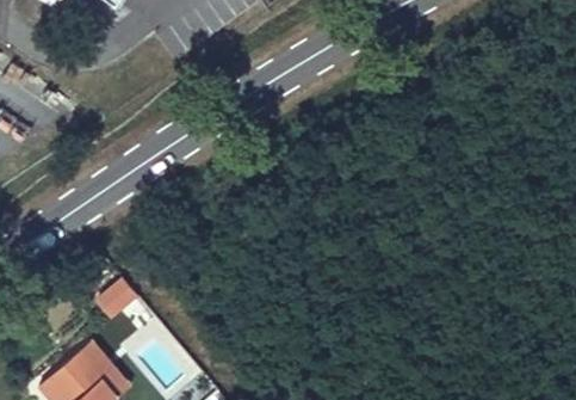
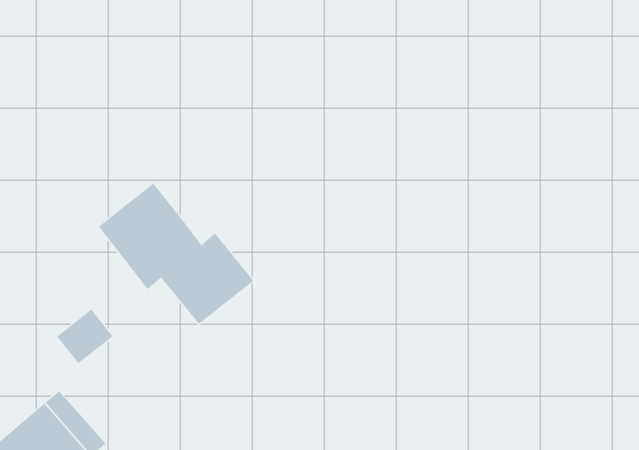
building: none -> [98,182,255,325]

